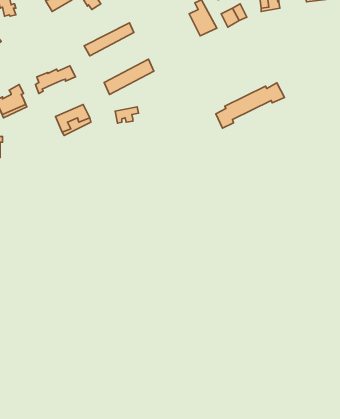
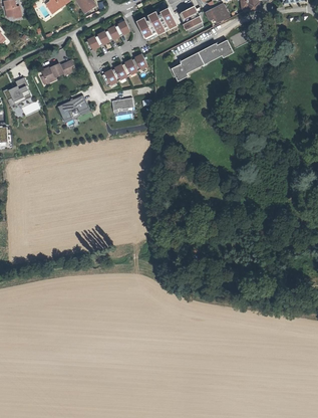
building: none -> [133,7,174,42]
building: [216,83,284,128] -> [172,41,234,82]

